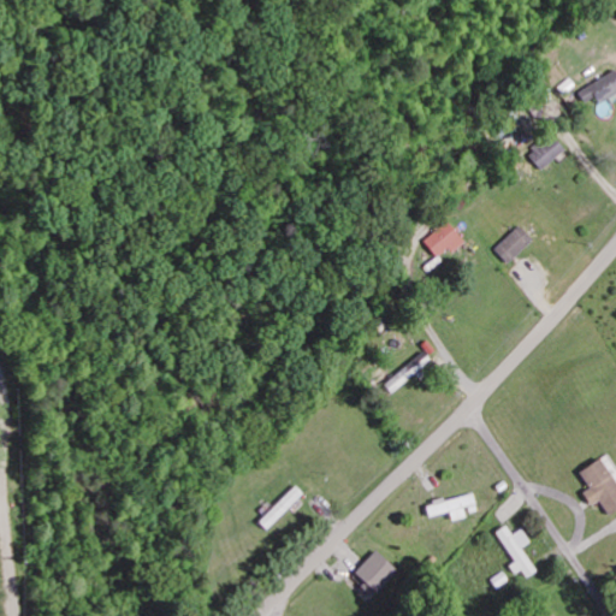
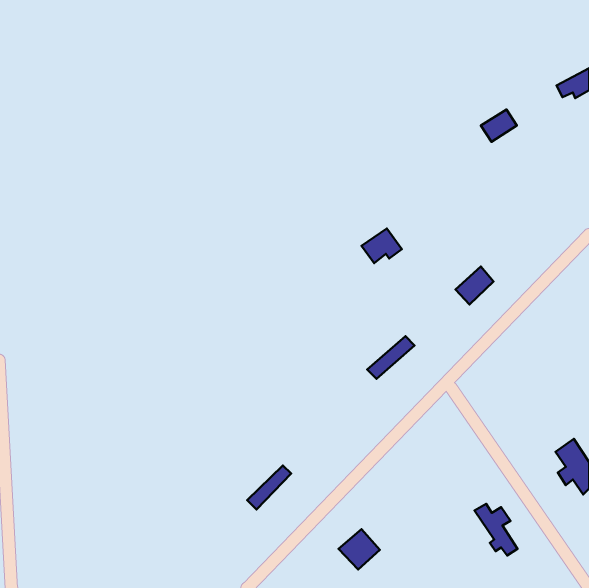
building: [531,135,568,168] -> [481,109,517,142]
building: [424,221,466,257] -> [362,228,402,263]
building: [493,224,533,263] -> [455,266,494,304]
building: [425,493,476,521] -> none

